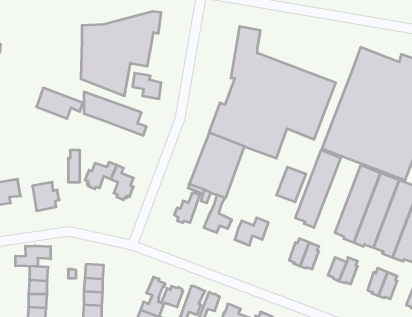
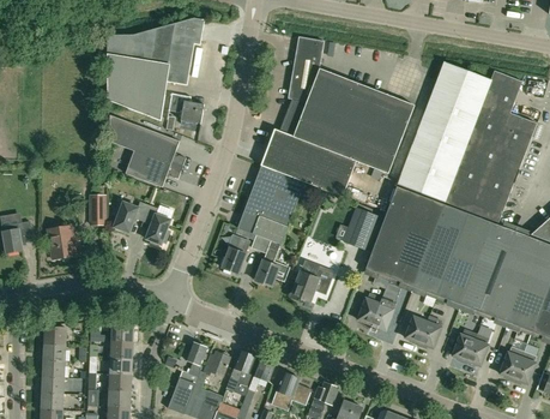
building: [36,88,83,119] -> [126,150,182,187]
building: none -> [388,196,445,286]
building: [15,246,51,266] -> none

